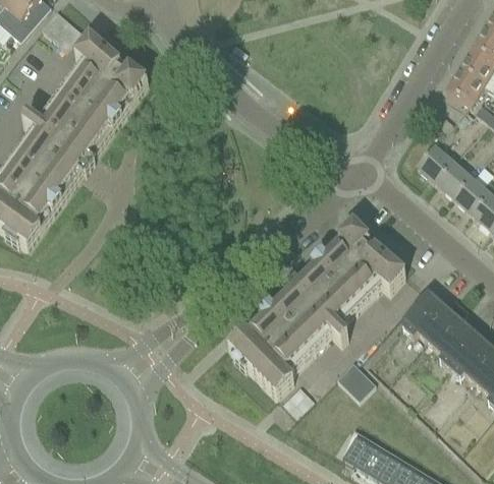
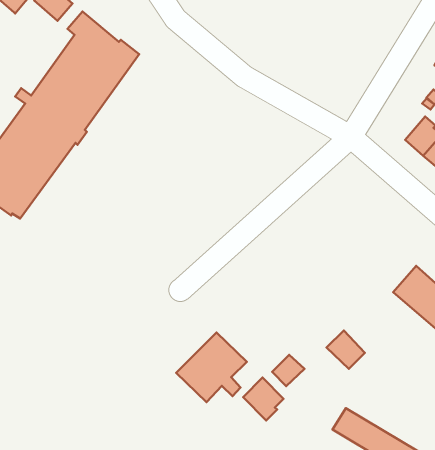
building: [227,222,404,395] -> none
building: none -> [176,332,247,402]
building: none -> [243,377,283,421]

